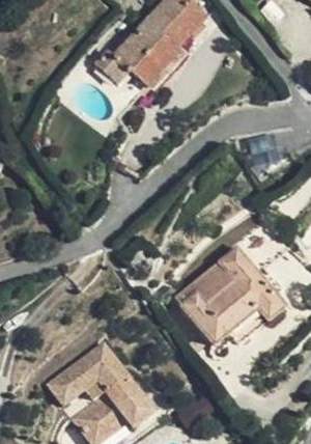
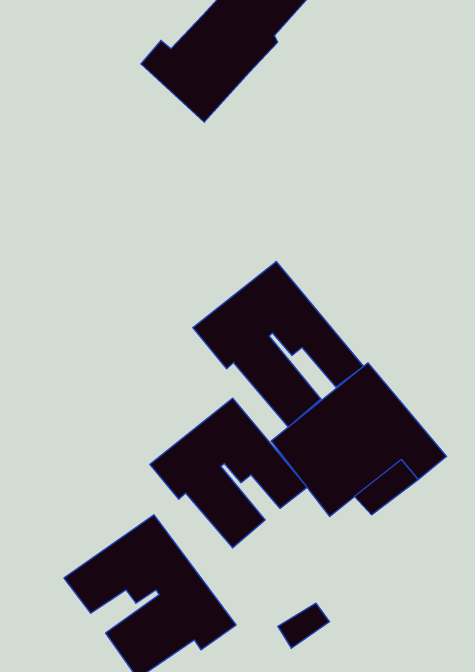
building: none -> [193,261,363,427]
building: none -> [150,398,307,548]

